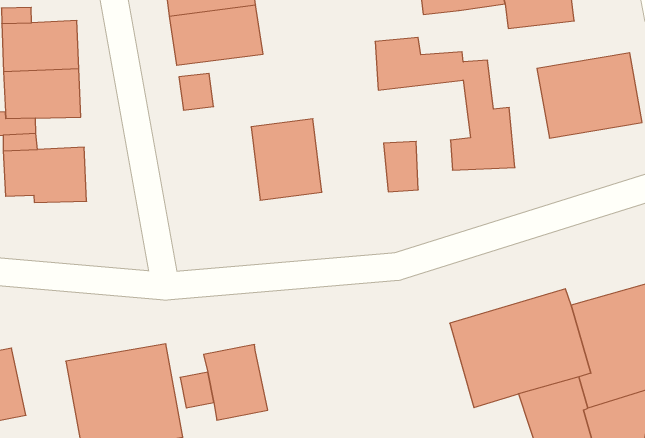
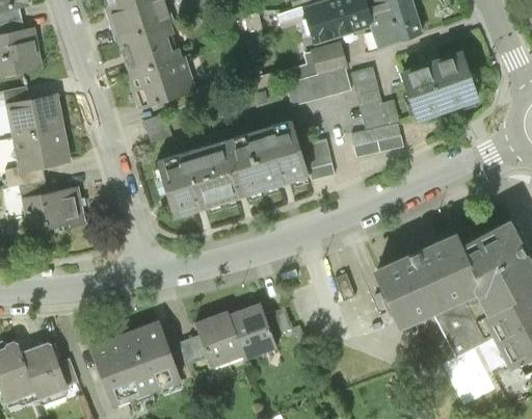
building: none -> [309,37,347,75]
building: none -> [245,122,307,188]
building: none -> [155,149,216,215]
building: none -> [231,300,281,360]

